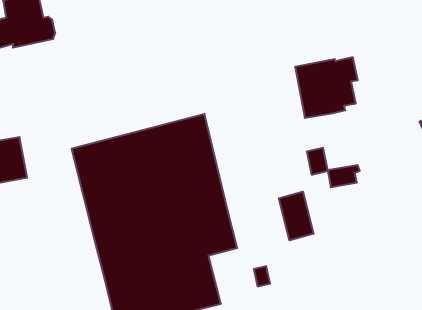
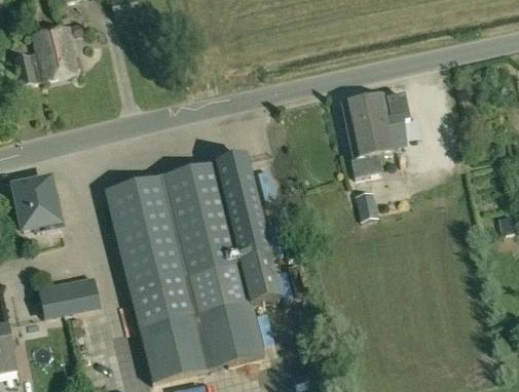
building: [328,165,360,187] -> [351,152,385,175]
building: [279,192,314,240] -> none
building: none -> [38,274,100,319]

